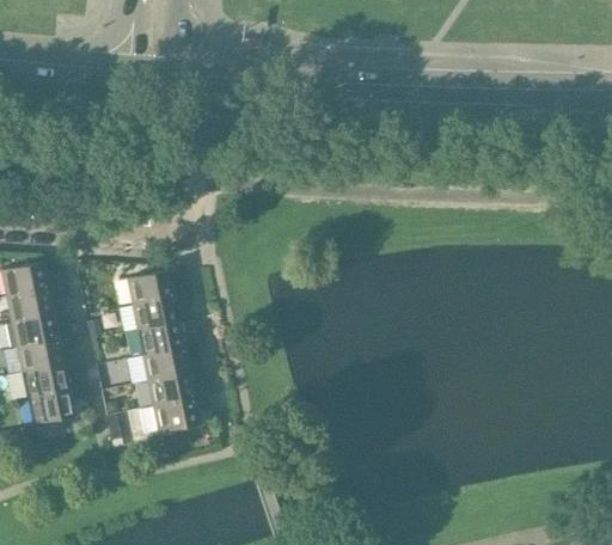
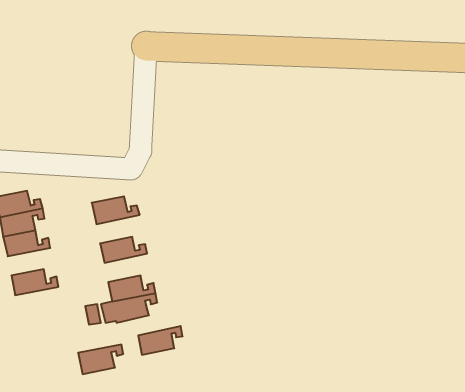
building: [128,294,186,331] -> none
building: [13,337,71,373] -> none
building: [139,344,196,381] -> [138,326,183,355]
building: [23,387,81,425] -> [78,345,123,374]

